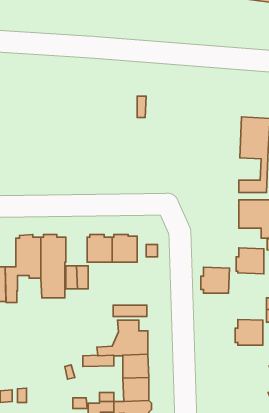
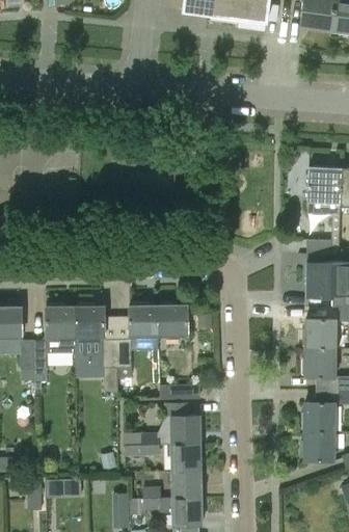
building: [201,267,229,293] -> [302,348,335,378]
building: none -> [301,432,334,461]

